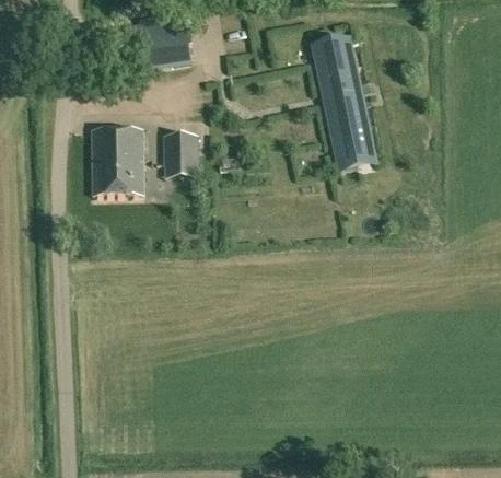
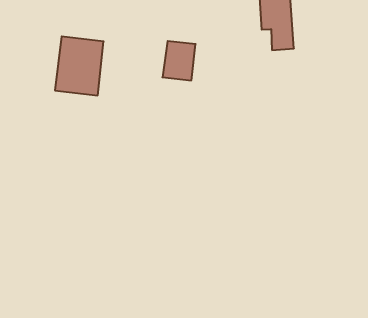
building: [327,105,374,168] -> none
building: [164,133,198,177] -> [162,41,196,80]

